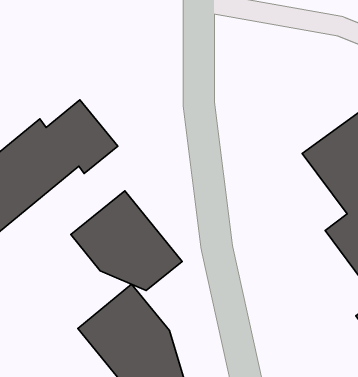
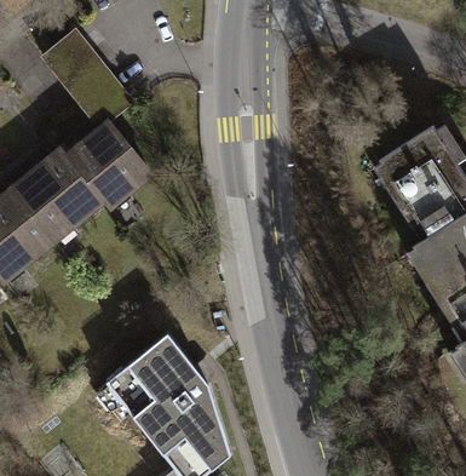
building: none -> [41,28,133,127]
building: [71,191,182,291] -> none

